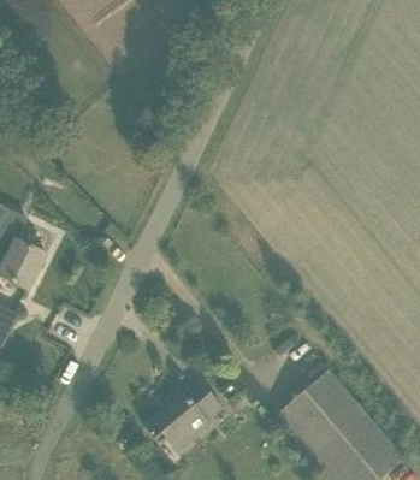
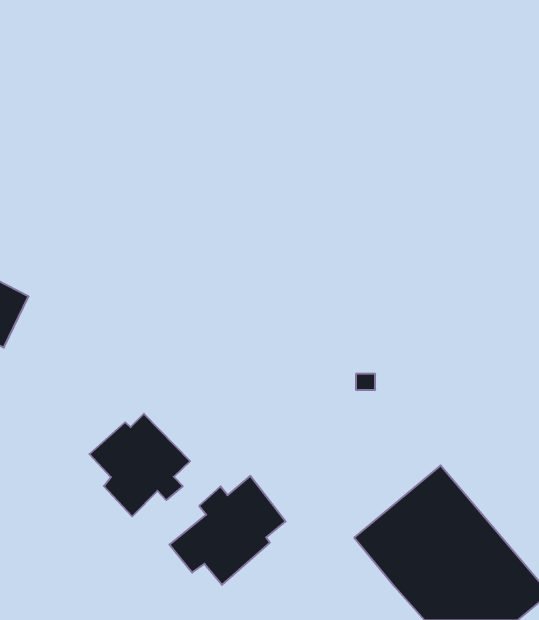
building: none -> [89,414,190,516]

